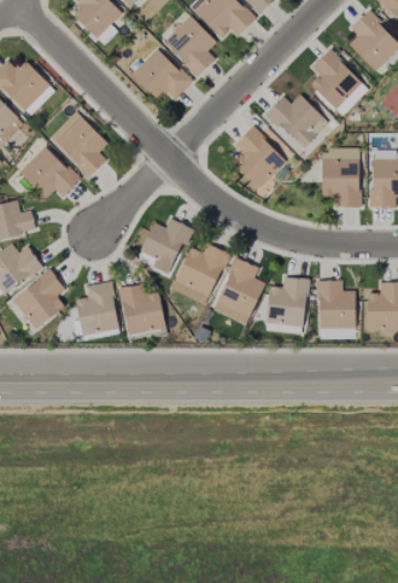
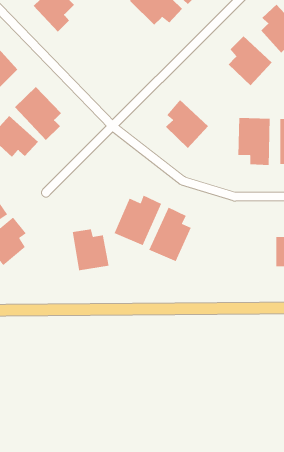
building: [164,16,216,76] -> none
building: [131,48,192,99] -> none
building: [267,94,328,148] -> none
building: [137,218,191,275] -> none
building: [267,278,306,326] -> none
building: [317,280,356,328] -> none
building: [76,281,119,336] -> none

